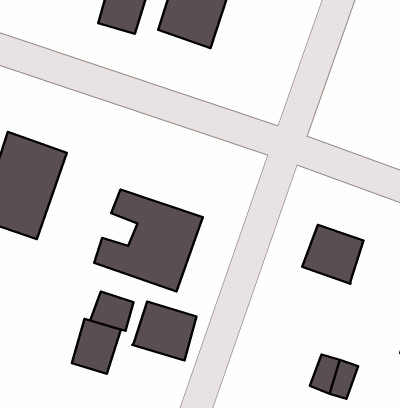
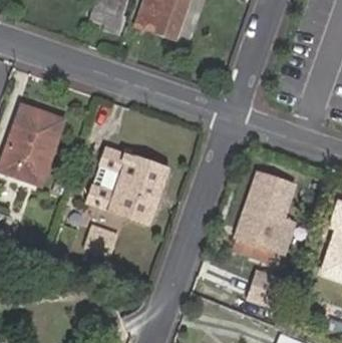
building: none -> [232,207,294,264]
building: [132,302,196,360] -> none
building: [72,319,122,374] -> none

